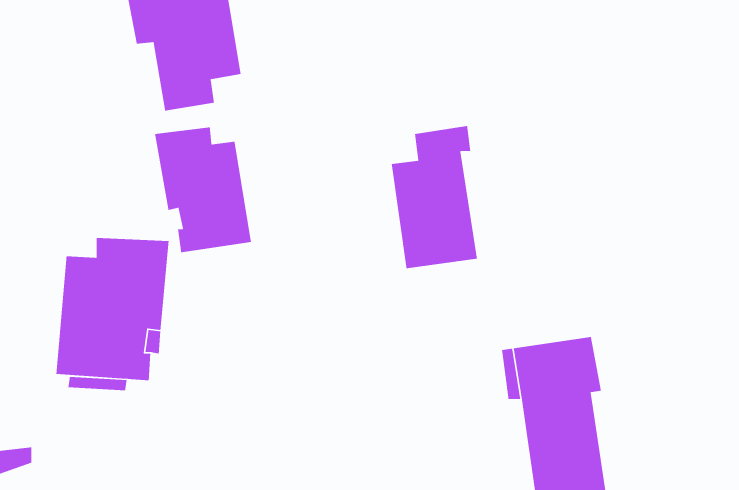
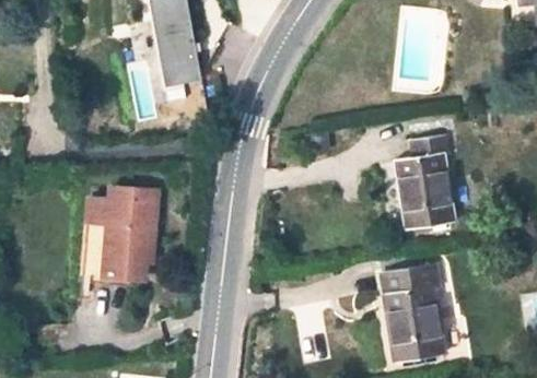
building: [391,125,478,269] -> [398,134,455,228]
building: [154,127,252,253] -> none

